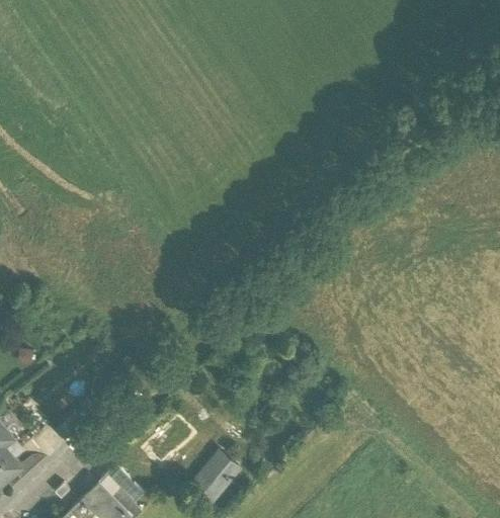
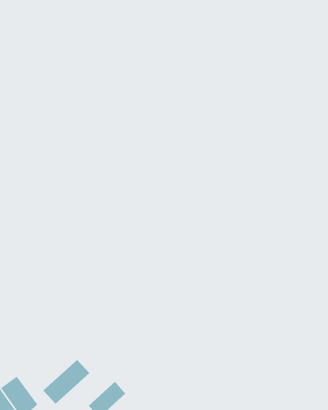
building: none -> [43,359,90,405]

